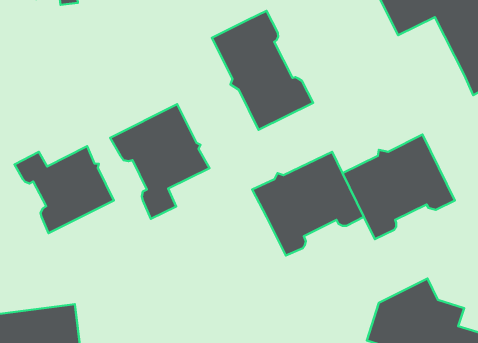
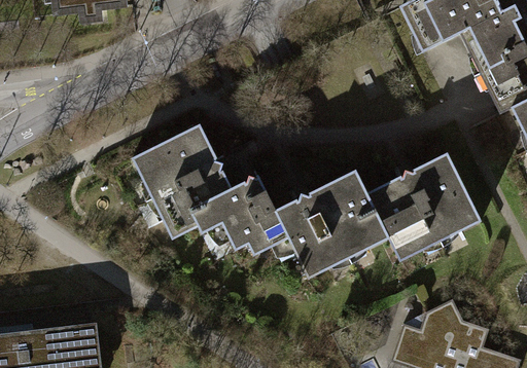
building: [212,11,313,130] -> none
building: [14,146,114,233] -> none
building: none -> [189,175,289,254]

